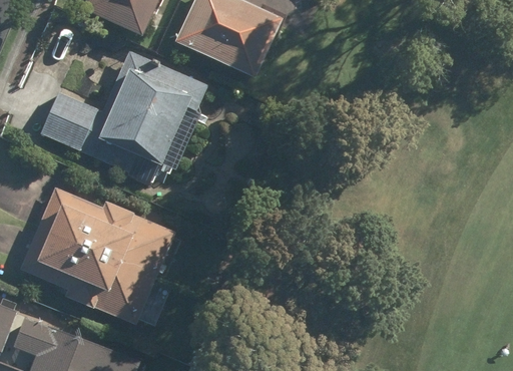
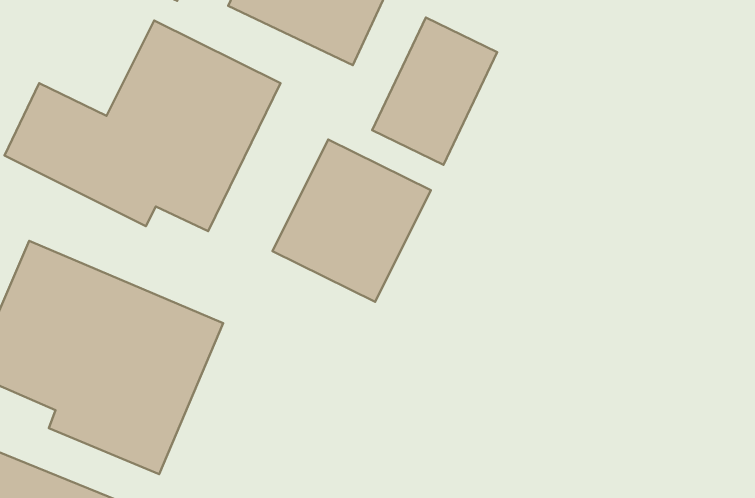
building: none -> [372,18,497,165]
building: none -> [272,140,431,302]

